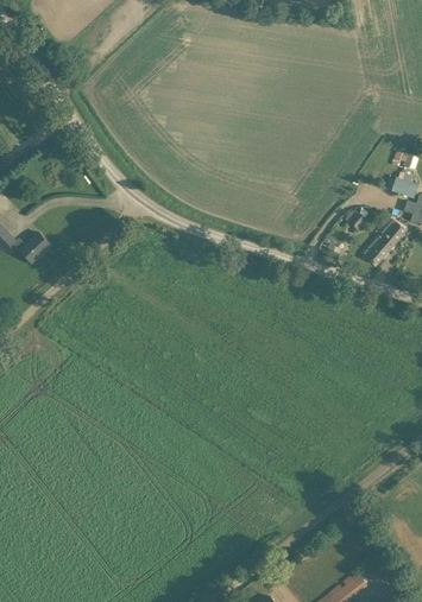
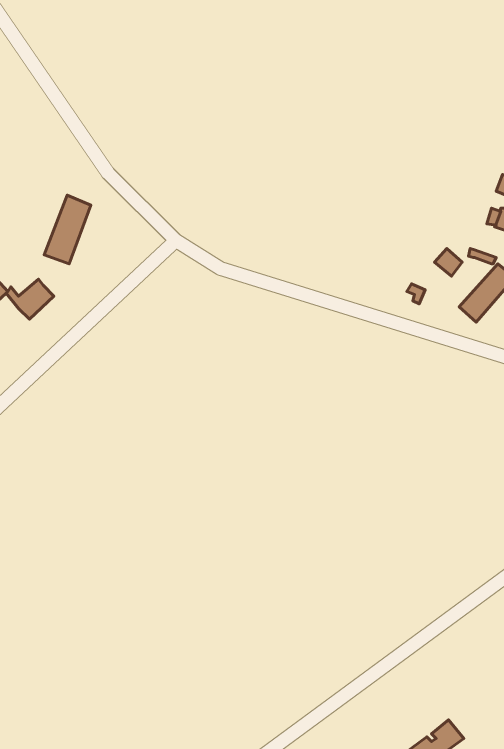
building: none -> [44,195,91,264]

